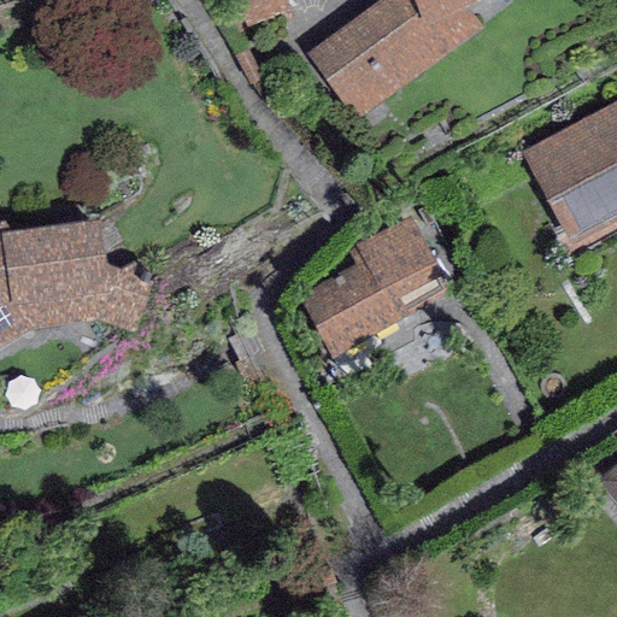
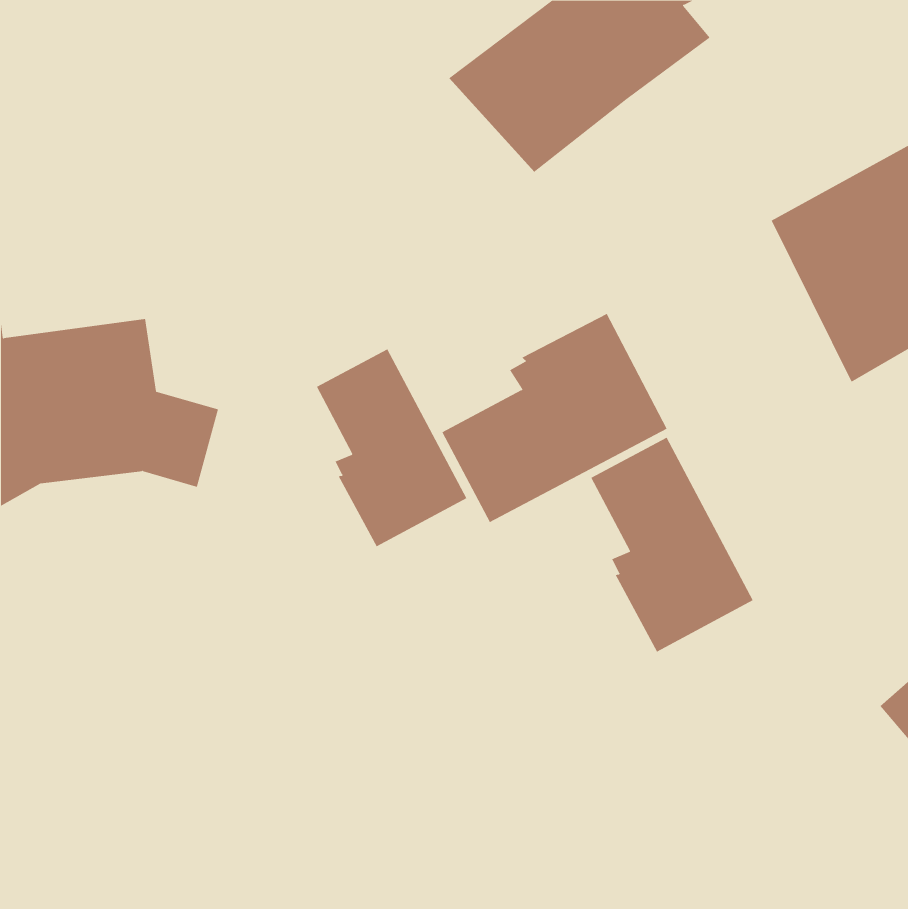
building: none -> [316,349,467,547]
building: none -> [590,437,754,652]

